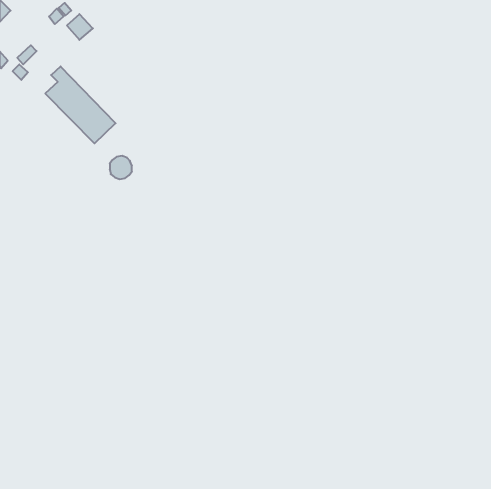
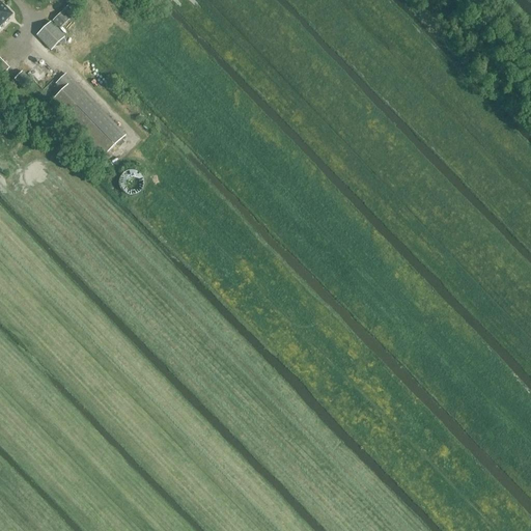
building: [67,14,93,40] -> [36,20,64,48]

